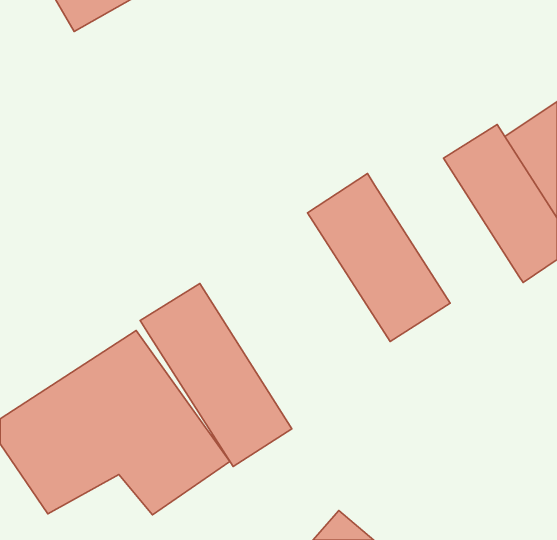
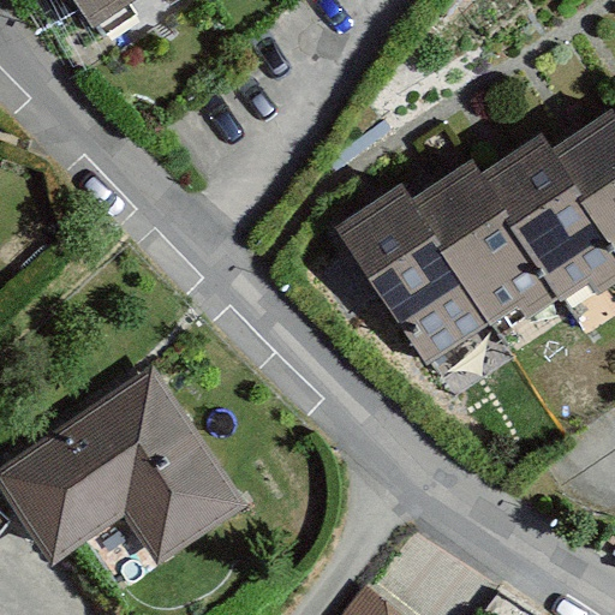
building: none -> [413,162,572,346]
building: [140,283,292,466] -> none

